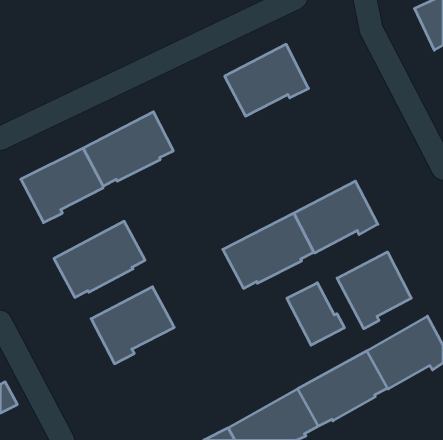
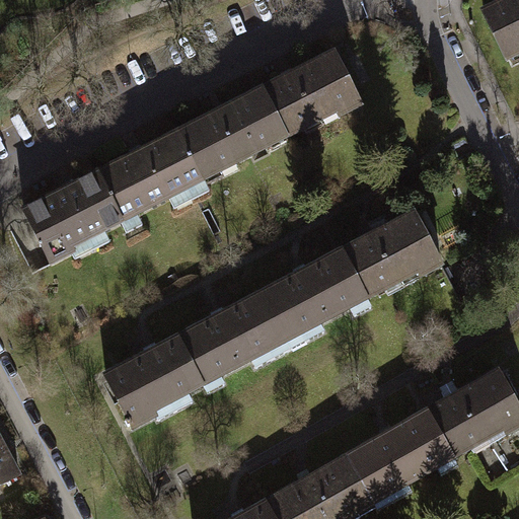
building: none -> [179,89,286,176]
building: [54,221,145,297] -> [178,292,285,381]
building: [337,252,411,329] -> none
building: [287,283,344,345] -> none

